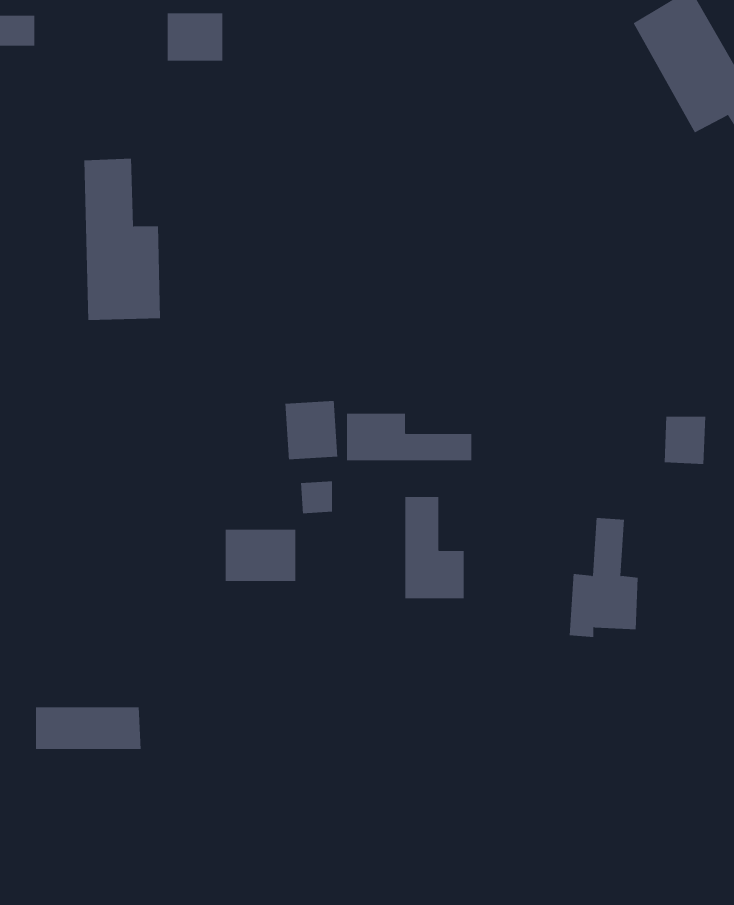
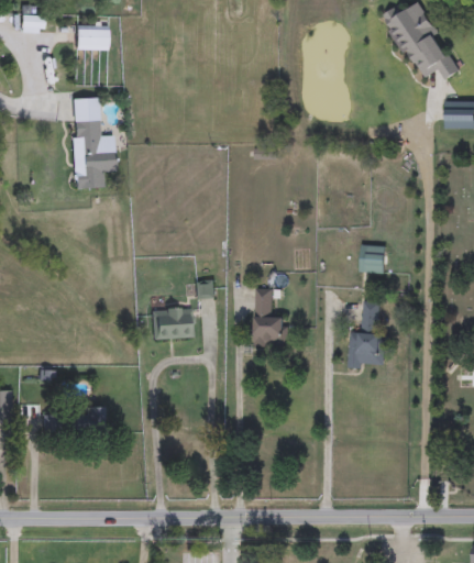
building: [167,13,223,61] -> [76,22,108,49]
building: [285,400,338,460] -> none
building: [347,413,472,461] -> none
building: [664,416,706,464] -> [360,246,384,274]

